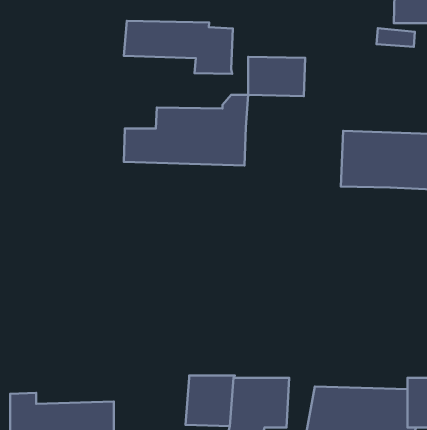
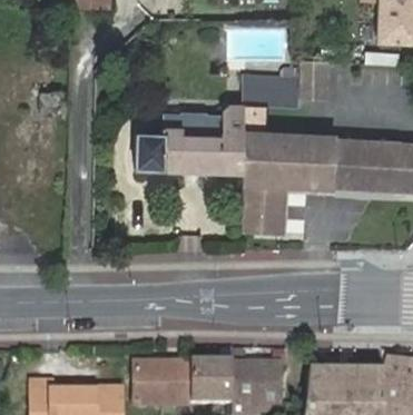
building: [124,21,233,74] -> none
building: none -> [242,138,333,234]
building: none -> [135,362,194,404]

